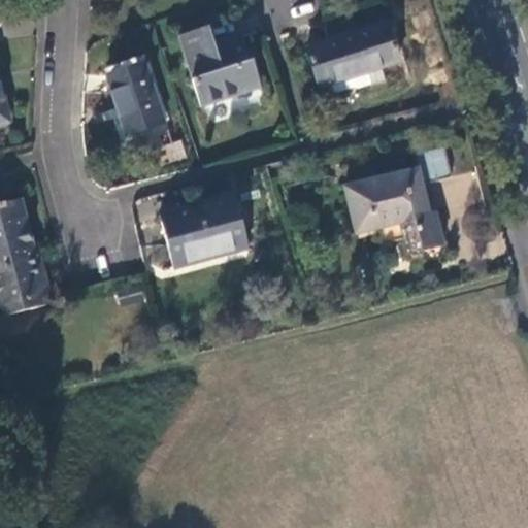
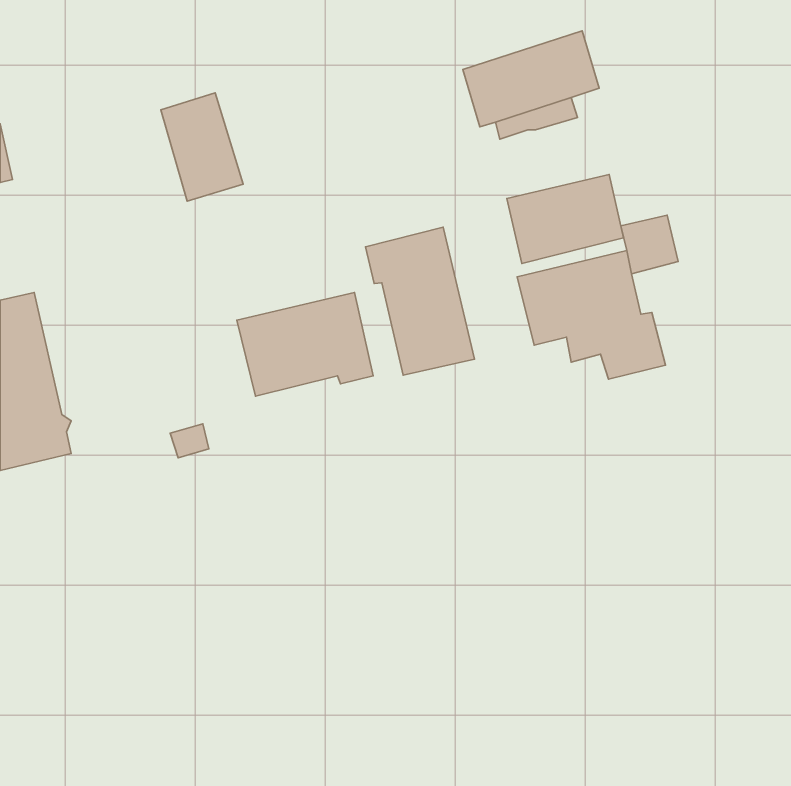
building: [183,23,263,105] -> none
building: none -> [507,174,623,263]
building: none -> [365,227,474,375]

